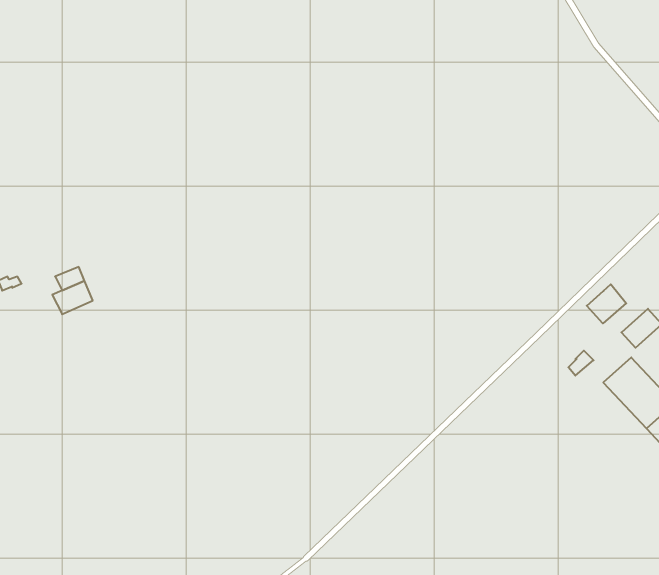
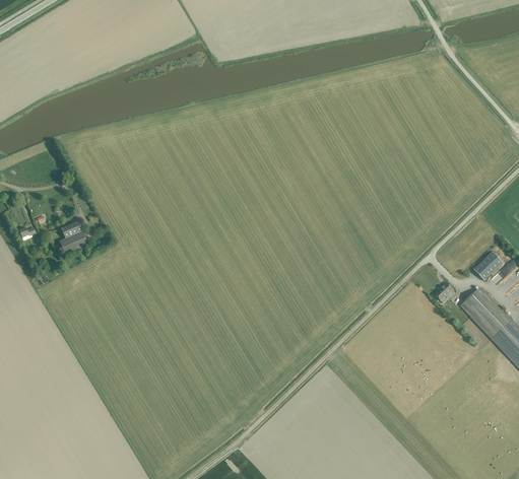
building: [587,284,626,323] -> none

